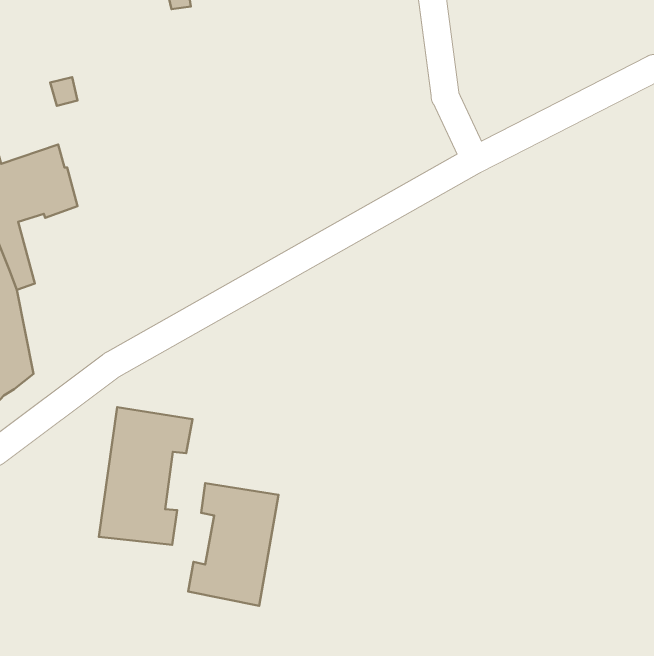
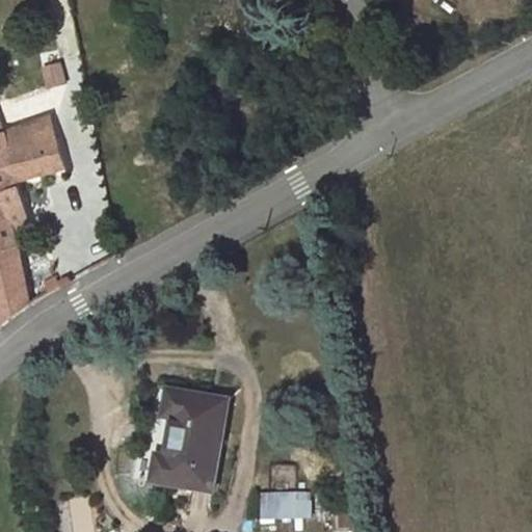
building: [99,407,193,545] -> none
building: none -> [262,491,309,515]

